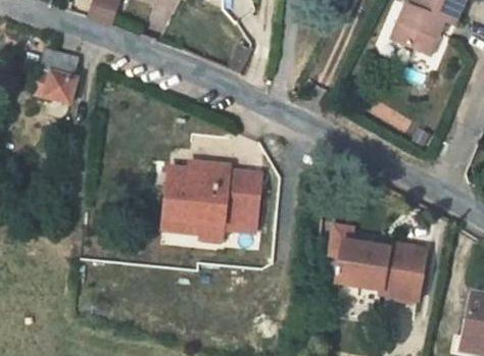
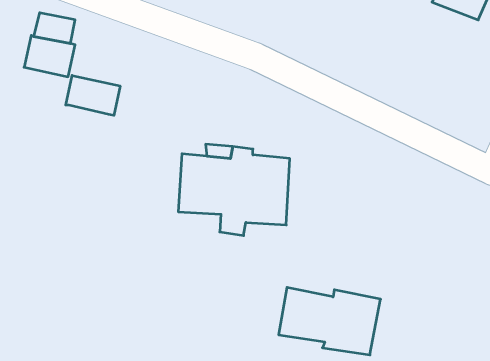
building: none -> [66,75,120,115]
building: [334,239,422,297] -> [279,287,381,355]

